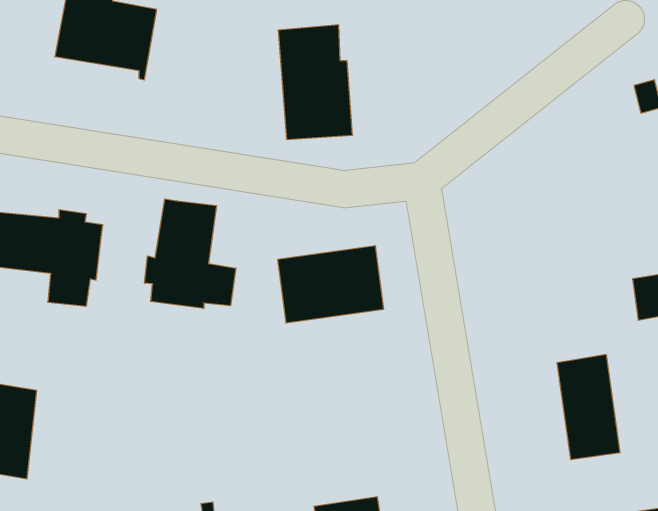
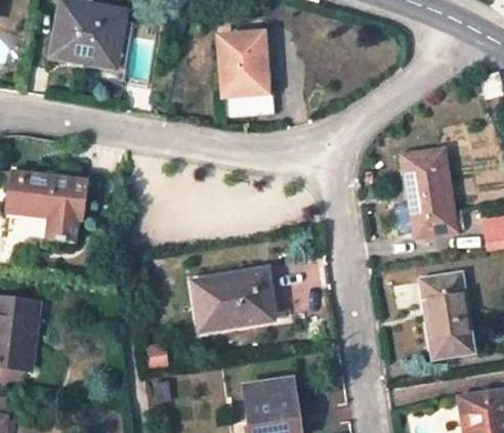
building: none -> [405,151,461,233]
building: [145,199,236,309] -> none
building: [278,246,384,323] -> [193,270,271,328]

